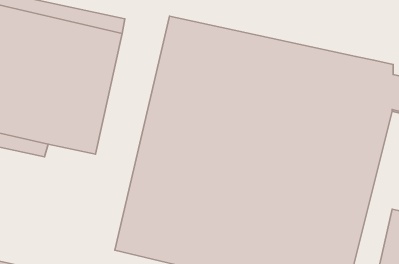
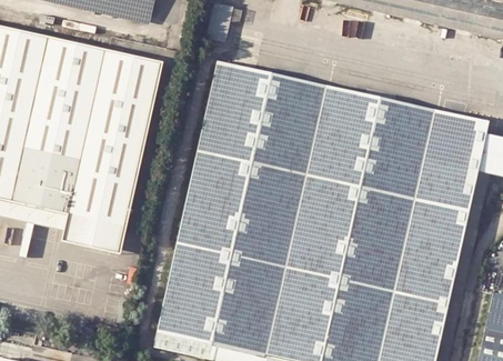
building: none -> [62,212,127,252]

